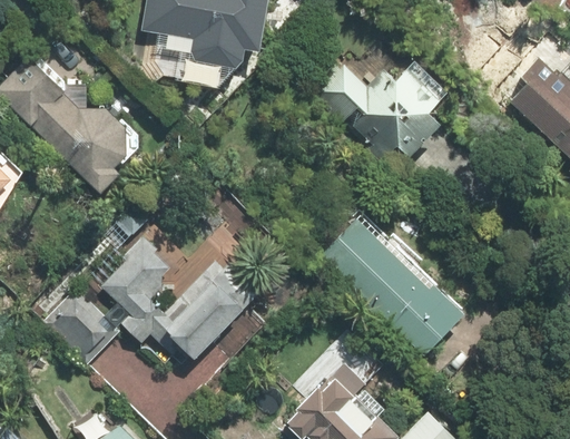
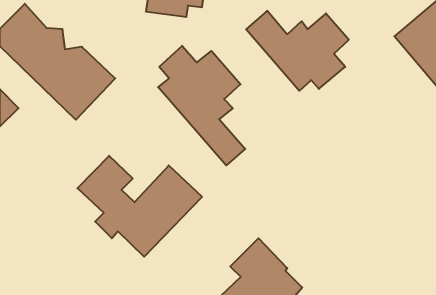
building: none -> [158,46,245,165]
building: [317,211,464,357] -> none
building: [45,286,120,363] -> none

